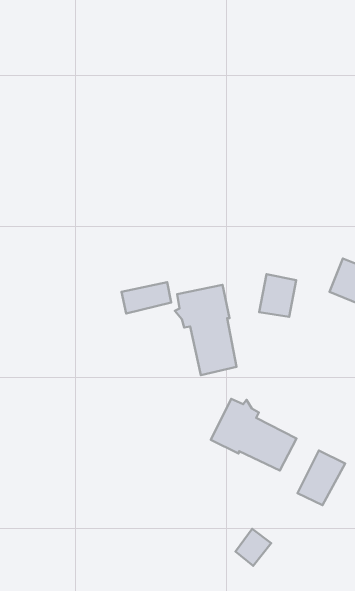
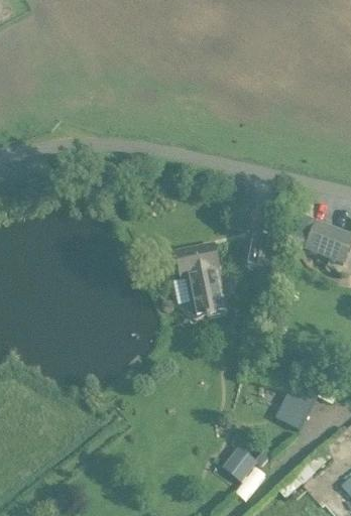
building: [121,282,171,313] -> none
building: [211,399,297,471] -> none

